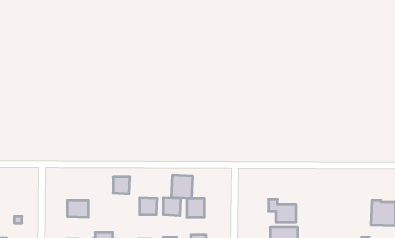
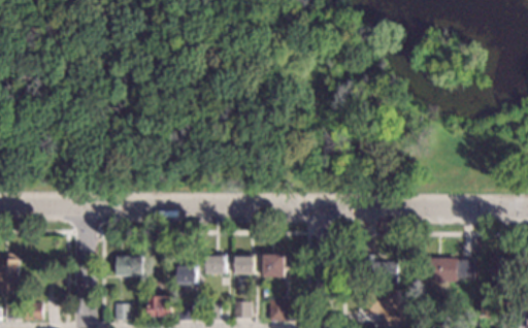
building: [171,175,192,198] -> none
building: [113,177,130,194] -> [177,264,198,285]
building: none -> [424,258,474,282]

